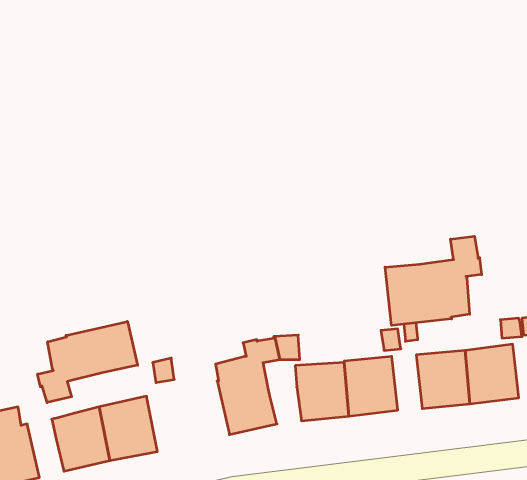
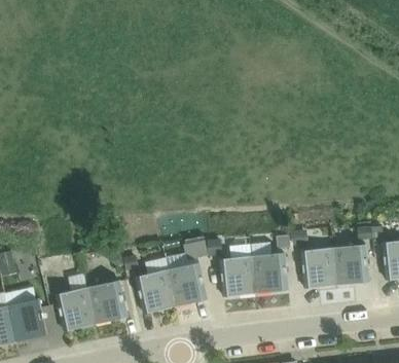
building: [385,236,482,325] -> none
building: [38,321,138,403] -> none
building: none -> [137,269,176,313]

